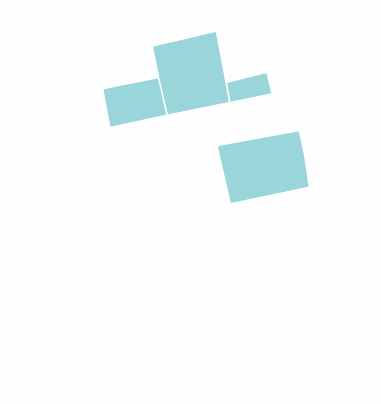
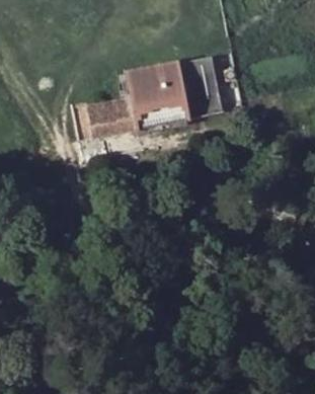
building: none -> [179,57,219,101]
building: [218,130,310,204] -> none

